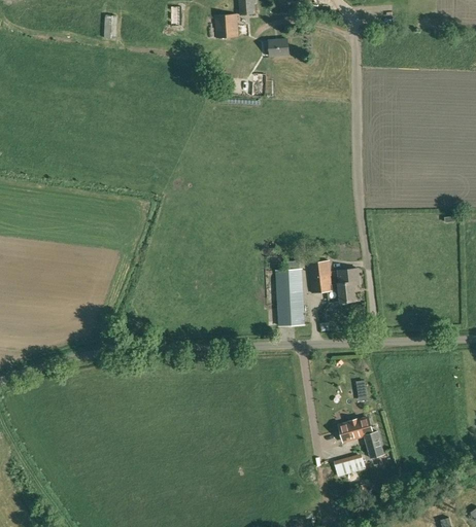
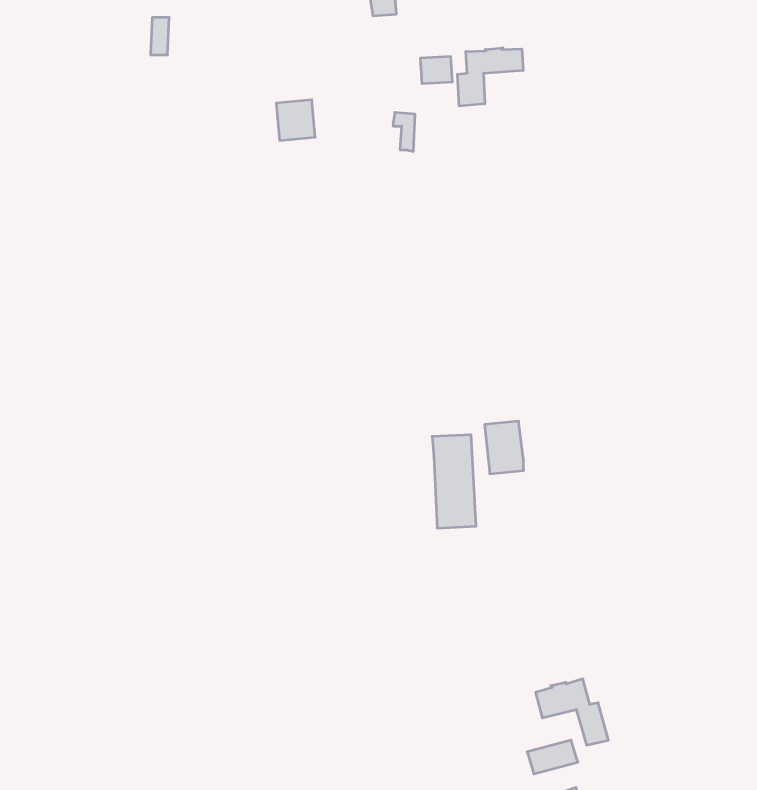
building: [214,14,238,39] -> [276,100,315,140]
building: none -> [457,48,523,106]
building: [332,269,360,303] -> none

